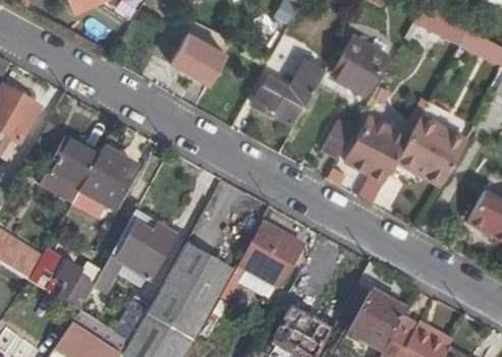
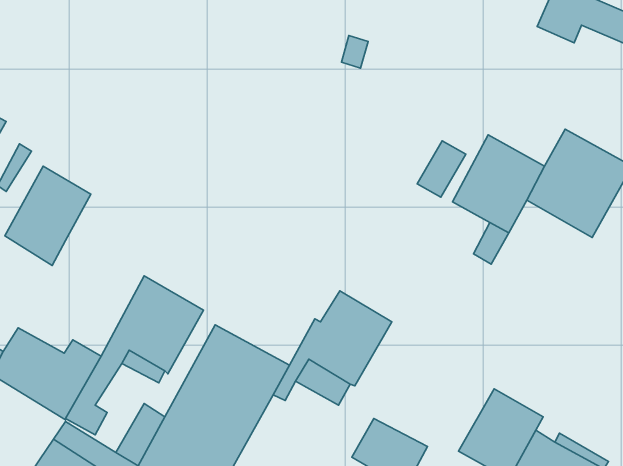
building: [173,31,227,82] -> none
building: [332,35,388,92] -> none
building: [254,52,329,121] -> none
building: [80,143,136,204] -> none

